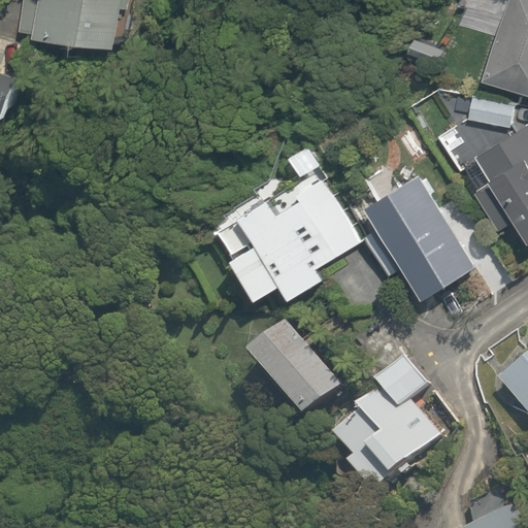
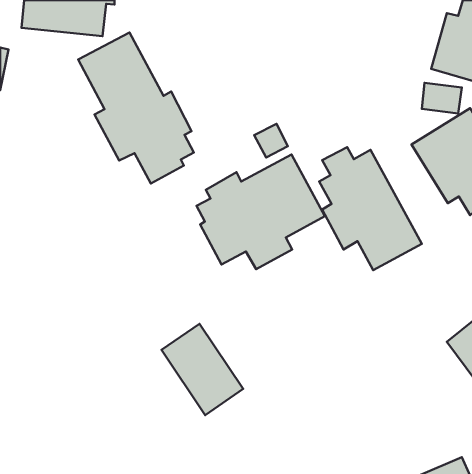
building: none -> [78,32,194,184]
building: [245,316,336,417] -> [161,324,243,415]
building: [327,349,439,495] -> none

